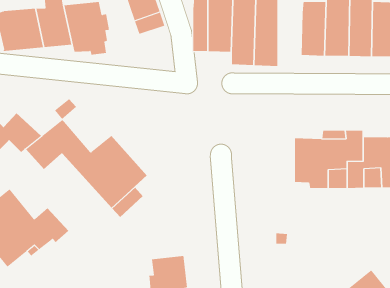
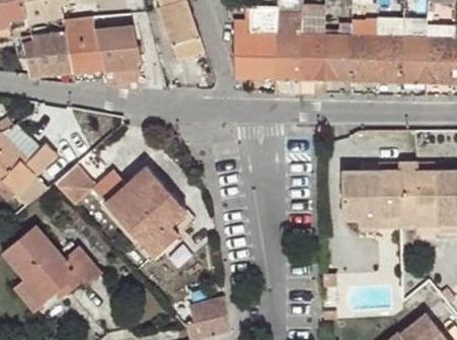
building: none -> [325,35,351,81]

